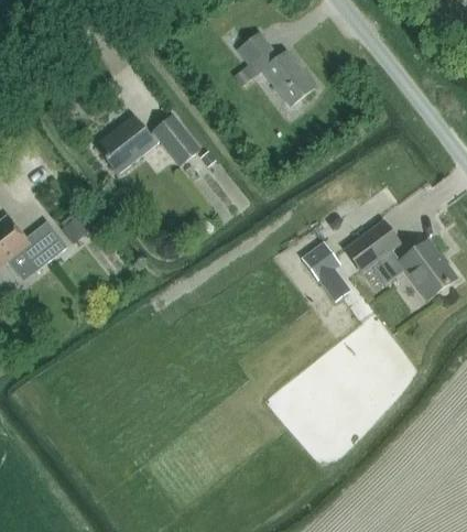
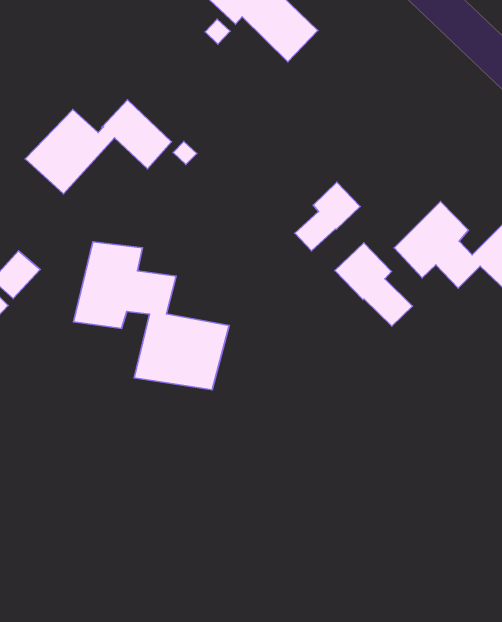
building: none -> [295,182,360,251]
building: none -> [74,242,229,390]

